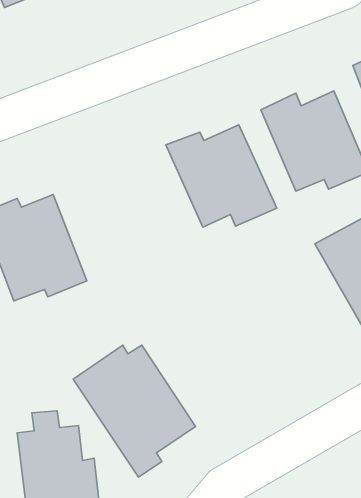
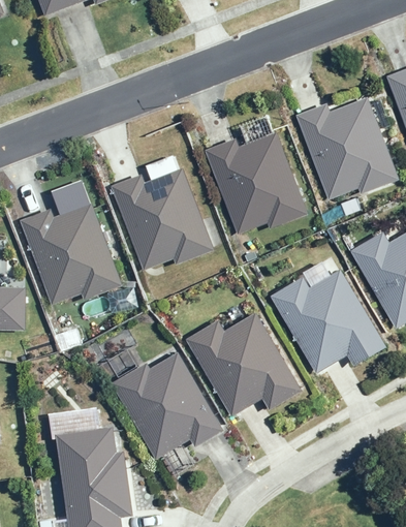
building: none -> [111,169,216,267]
building: none -> [269,270,385,389]
building: none -> [181,307,307,430]

